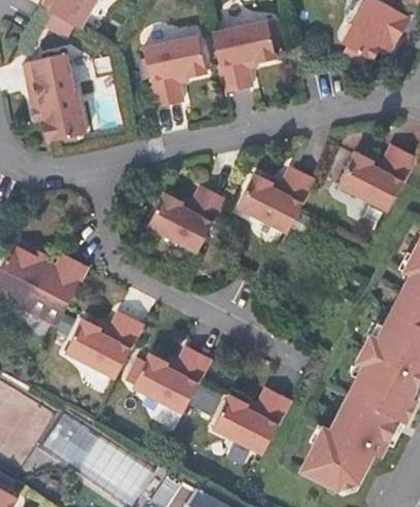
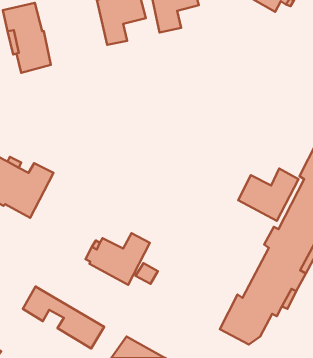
building: [336,145,414,212] -> [238,169,298,221]
building: [237,168,314,233] -> none
building: [146,185,224,250] -> none
building: [66,310,144,377] -> none
building: [212,386,289,453] -> none

